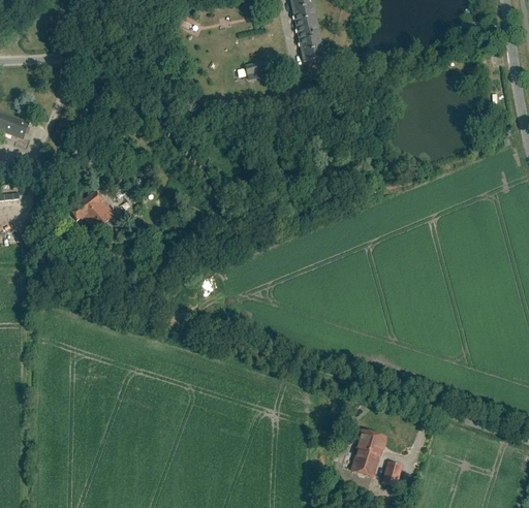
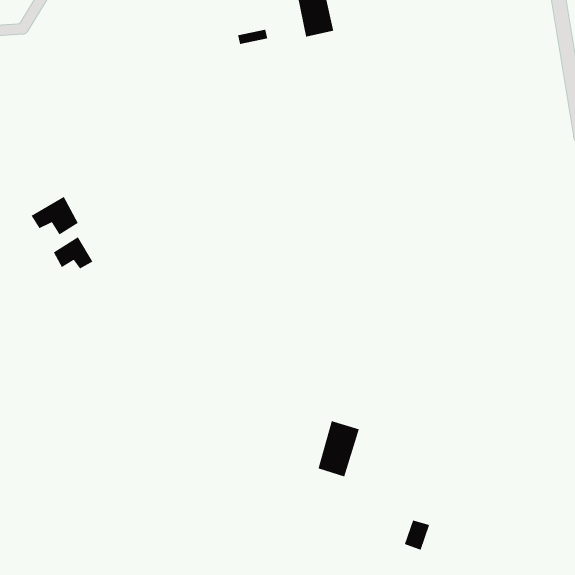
building: none -> [53,236,94,270]
building: [352,428,387,476] -> [317,420,360,478]

